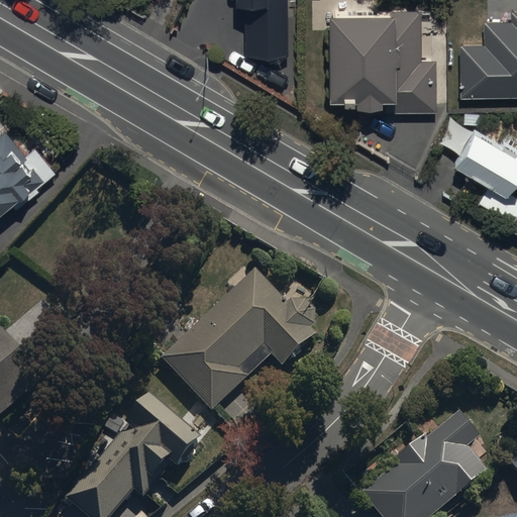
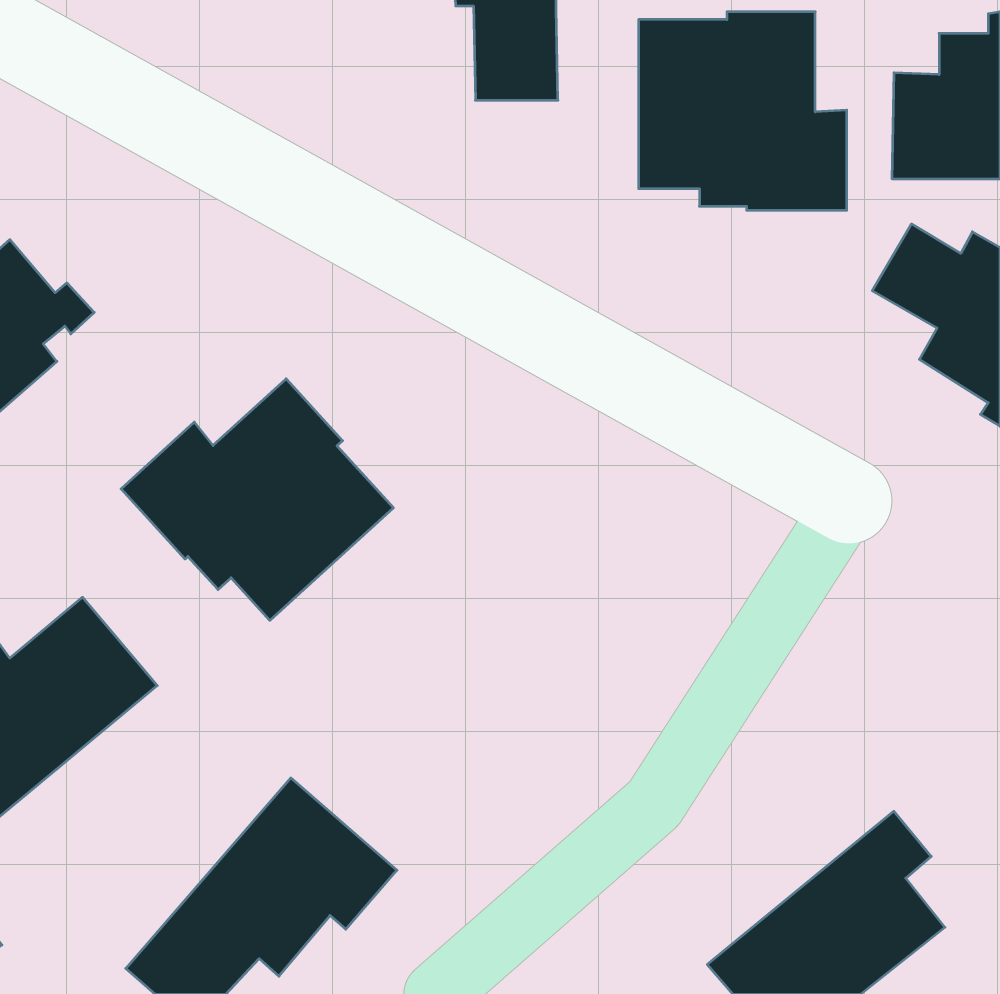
building: none -> [121,379,393,620]
building: [162,272,315,412] -> none

